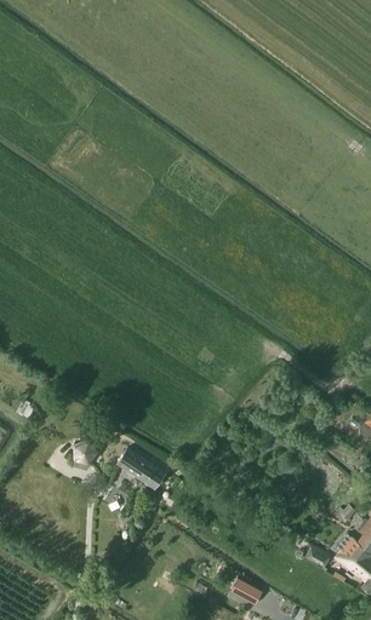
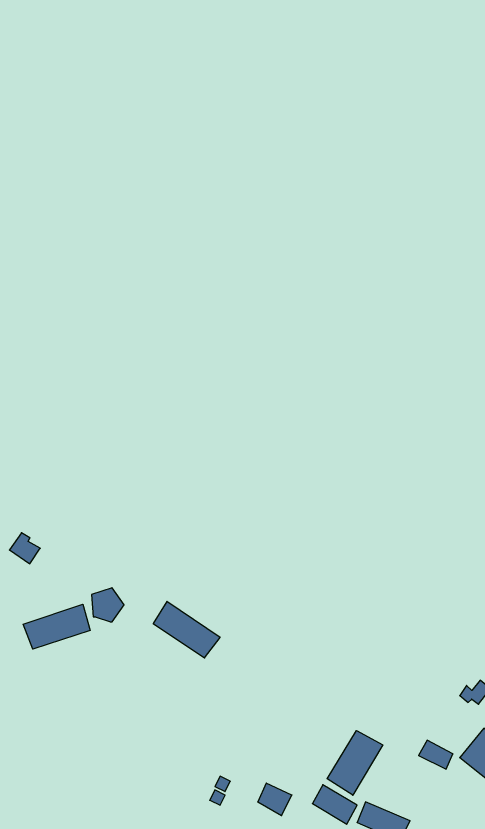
building: none -> [23,604,90,649]
building: none -> [327,731,383,795]

